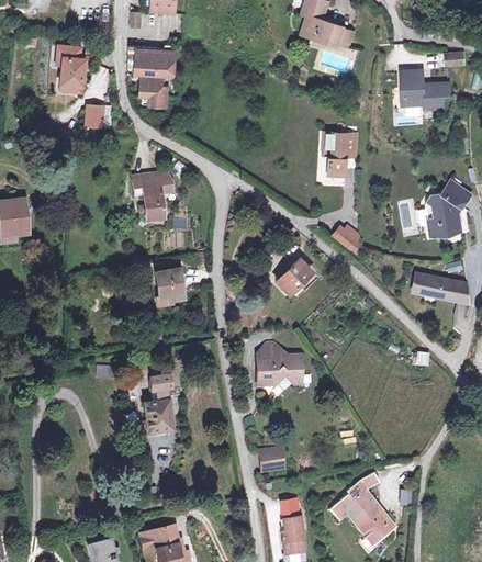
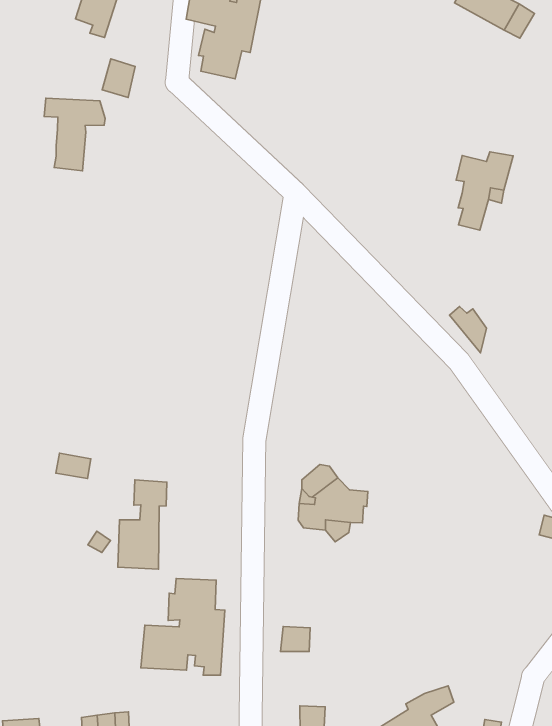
building: [131,173,171,222] -> [44,98,105,171]
building: [274,261,309,297] -> none
building: [158,271,187,308] -> none
building: none -> [141,578,225,675]

